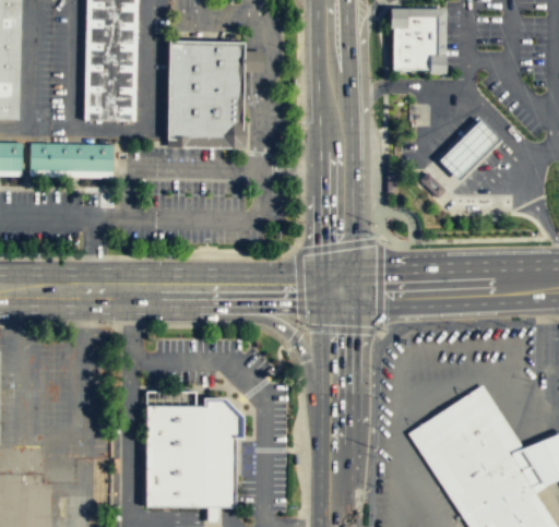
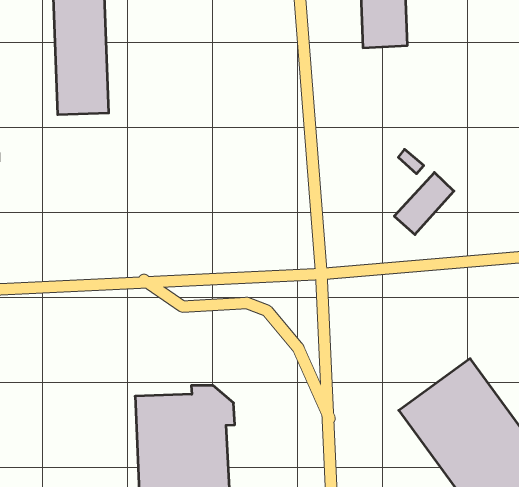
building: [166,38,243,147] -> none
building: [439,118,500,179] -> [394,172,454,235]
building: [29,143,112,172] -> none

